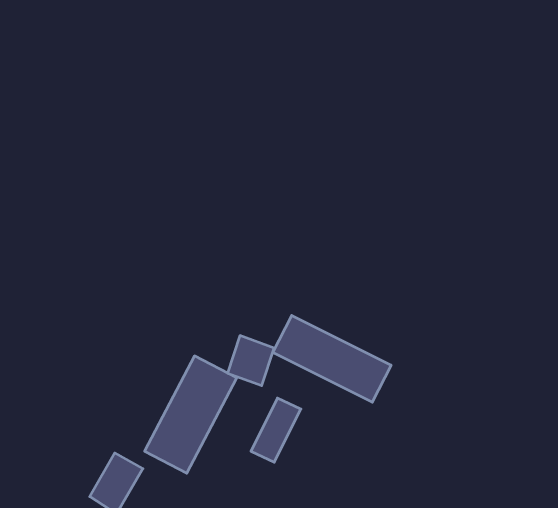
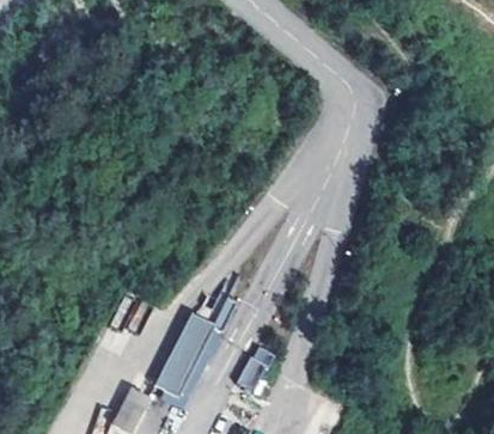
building: [273,315,391,402] -> none

